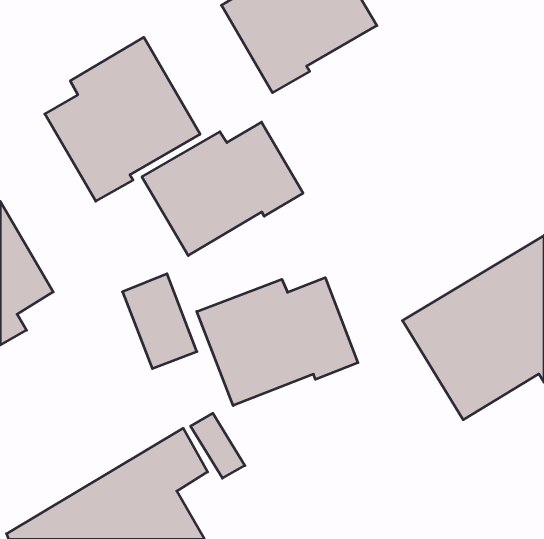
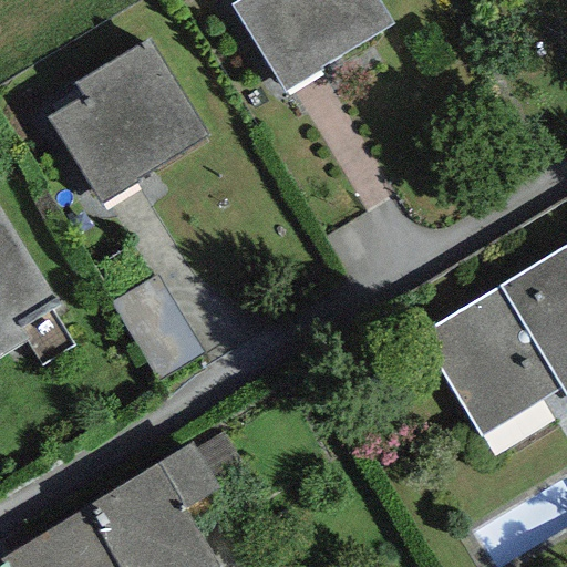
building: [142,122,303,256] -> none
building: [197,278,358,406] -> none

